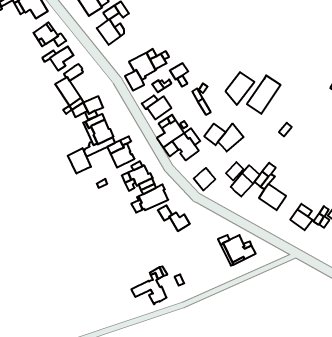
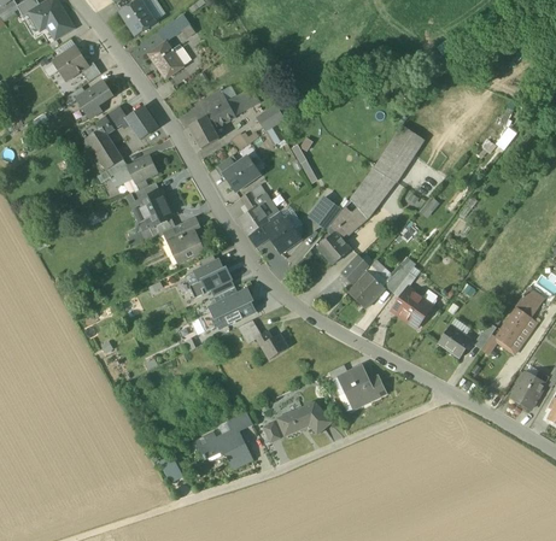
building: none -> [124,106,157,139]
building: [226,72,254,105] -> [351,167,394,217]
building: [68,148,91,174] -> none
building: [194,168,215,190] -> [317,230,350,264]
building: none -> [277,402,330,434]

